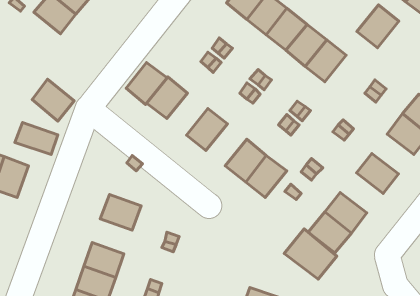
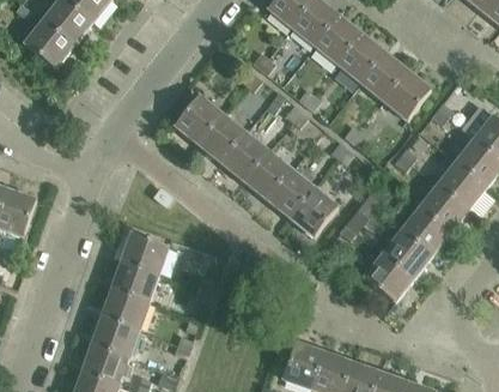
building: [357,5,399,48] -> [382,70,431,120]
building: [126,62,167,104] -> [197,114,245,163]
building: [32,79,74,121] -> [24,19,73,68]
building: [15,122,58,155] -> none
building: none -> [243,150,291,199]
building: none -> [437,162,486,209]
building: none -> [400,207,450,254]
building: none -> [110,261,157,302]
building: [284,229,337,279] -> none

